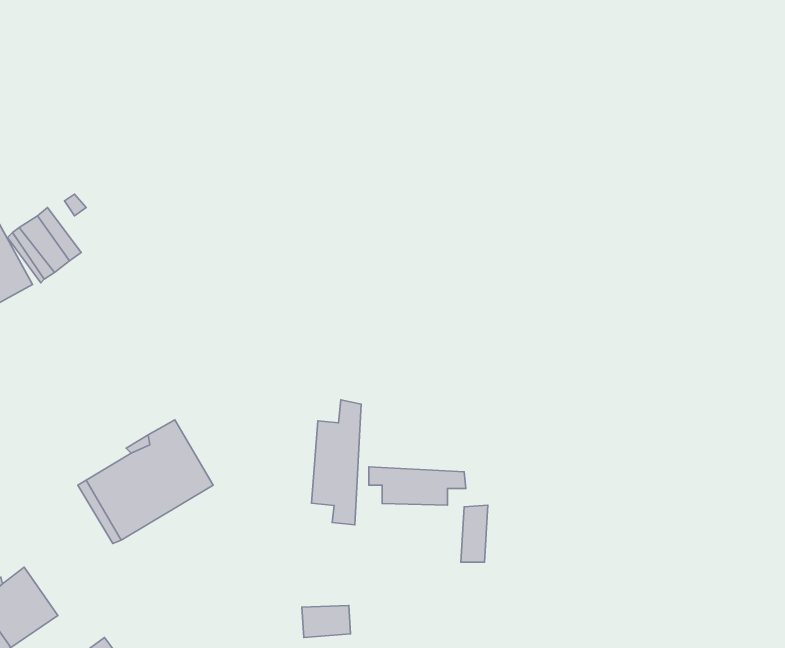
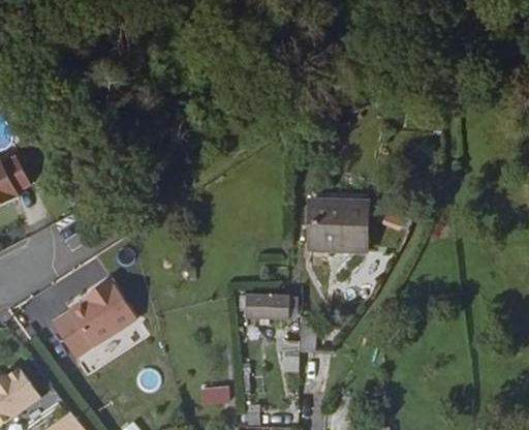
building: none -> [311,207,367,256]
building: [311,400,361,525] -> none

